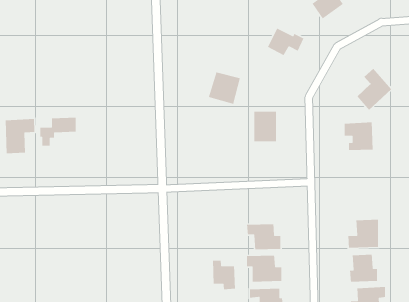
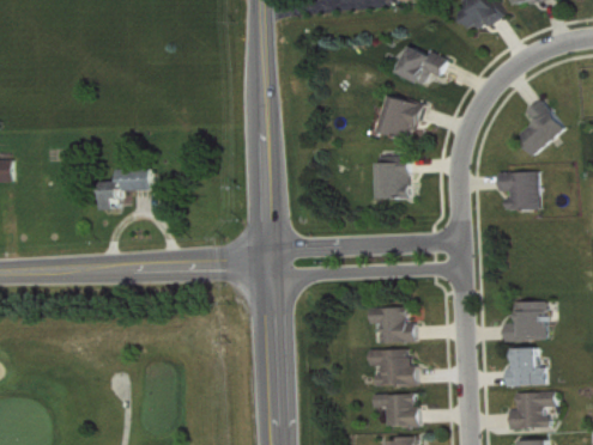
building: [208,72,241,105] -> [379,96,423,140]
building: [5,118,35,154] -> none
building: [212,260,236,290] -> none

